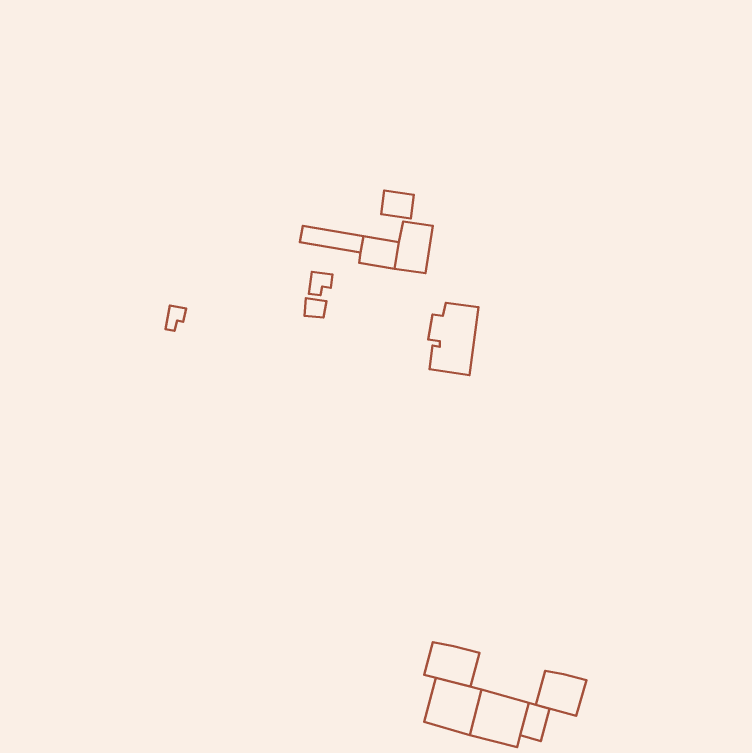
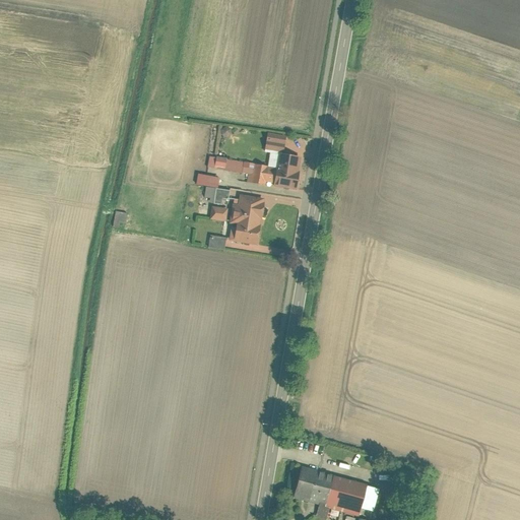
building: [428,303,478,375] -> [229,194,263,244]
building: [424,642,480,687] -> none
building: [536,671,586,716] -> none

